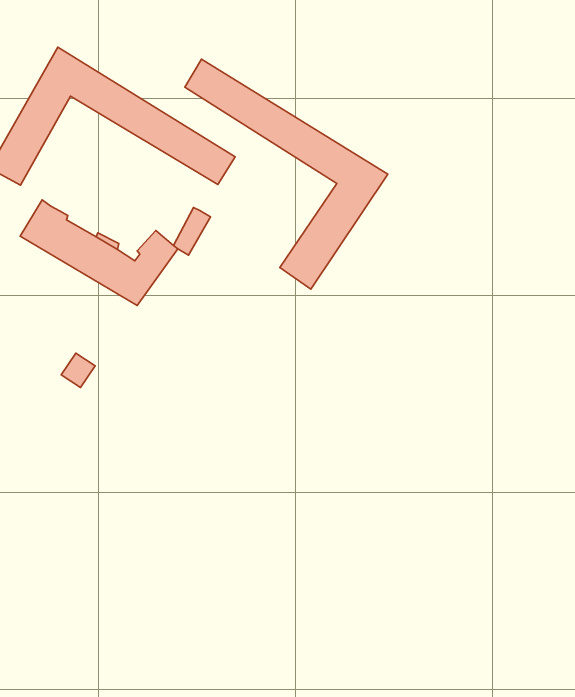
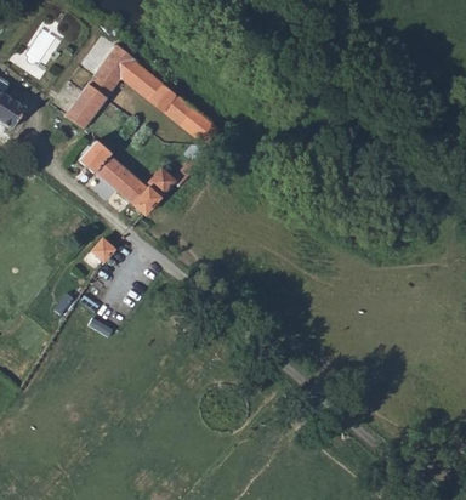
building: [185,59,388,289] -> none

